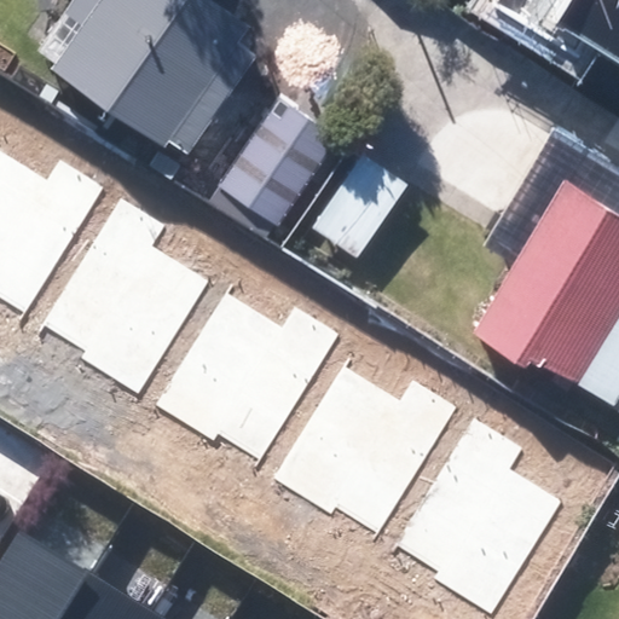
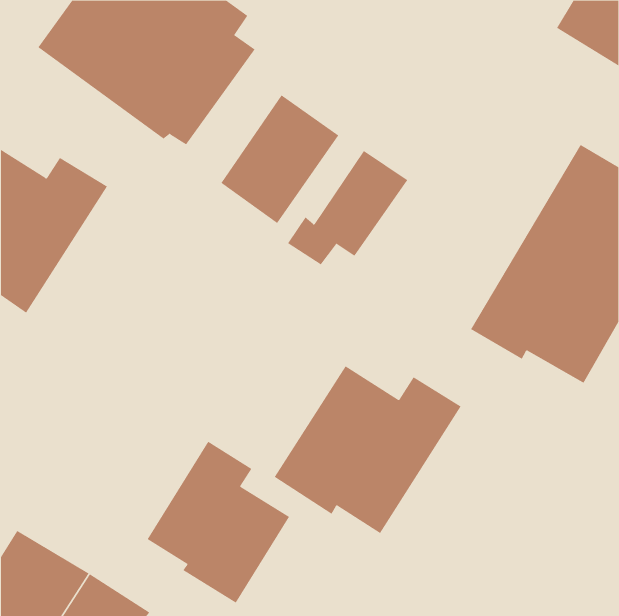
building: [44,201,207,394] -> none
building: [156,294,336,461] -> none
building: [395,420,559,613] -> none
building: none -> [147,441,290,603]

